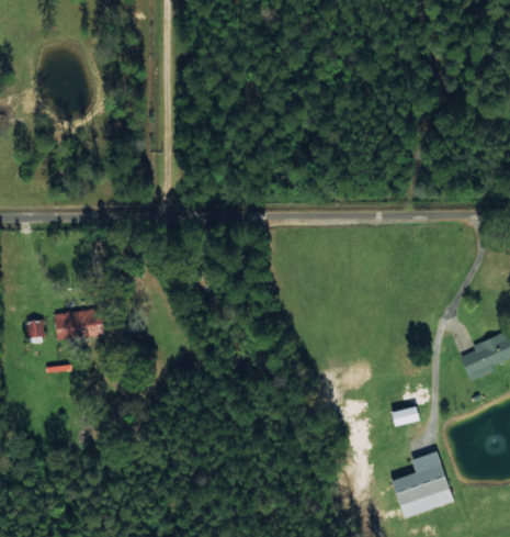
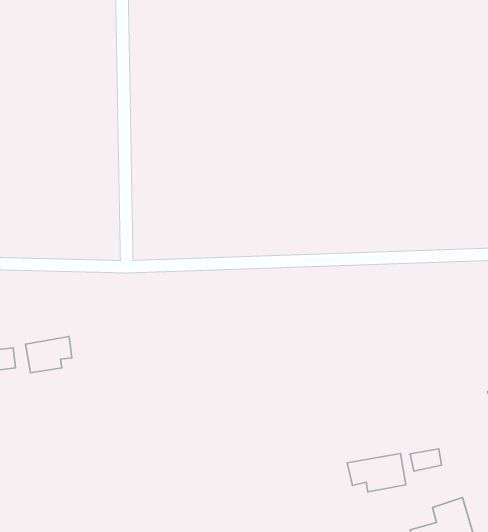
building: none -> [347,454,406,492]

